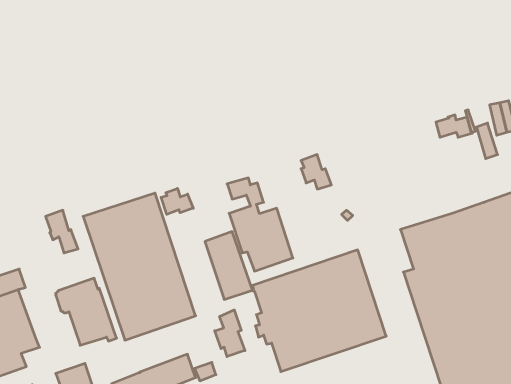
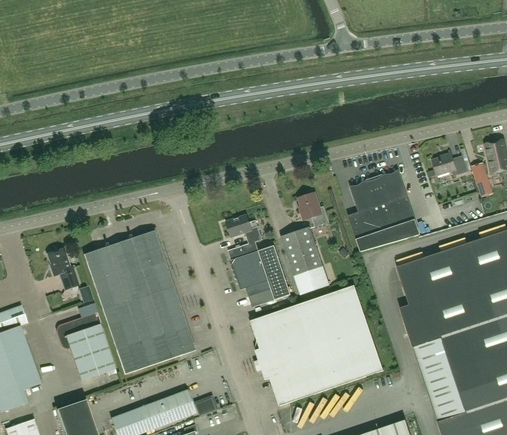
building: none -> [349,171,420,251]
building: [161,188,193,214] -> none
building: [205,232,252,299] -> [282,227,329,294]
building: [215,310,245,357] -> none

